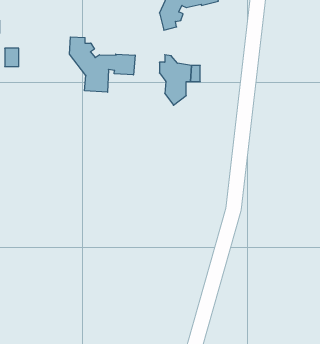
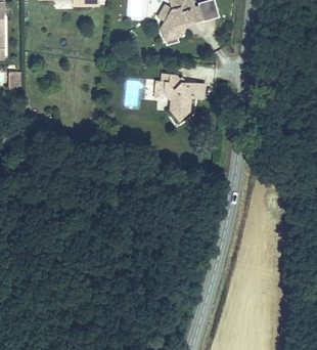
building: [69,37,135,92] -> none

